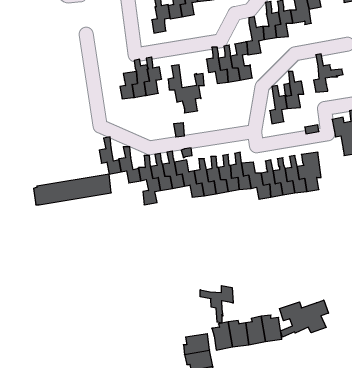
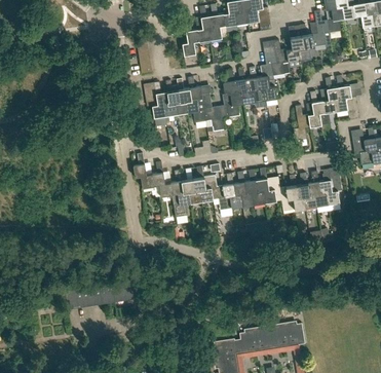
building: none -> [222,71,243,118]
building: none -> [186,77,205,123]
building: none -> [319,87,339,125]
building: [34,174,111,205] -> [63,282,136,310]
building: [200,286,233,323] -> none
building: [280,300,328,337] -> none

